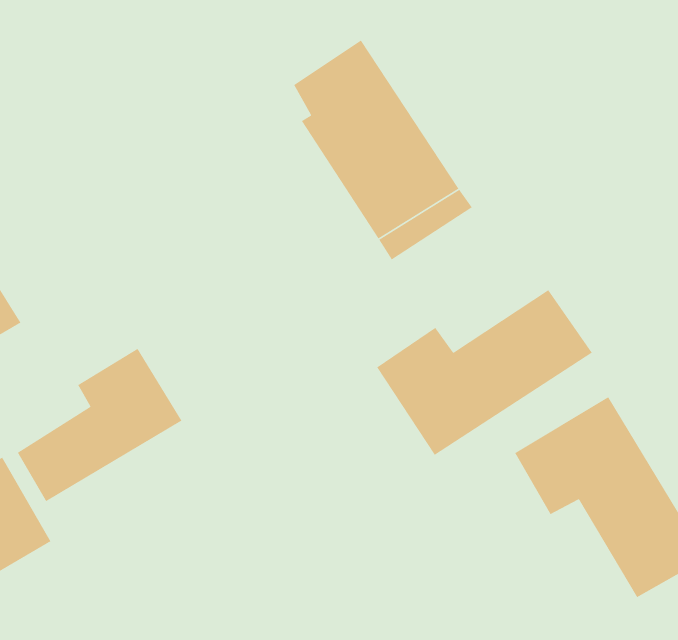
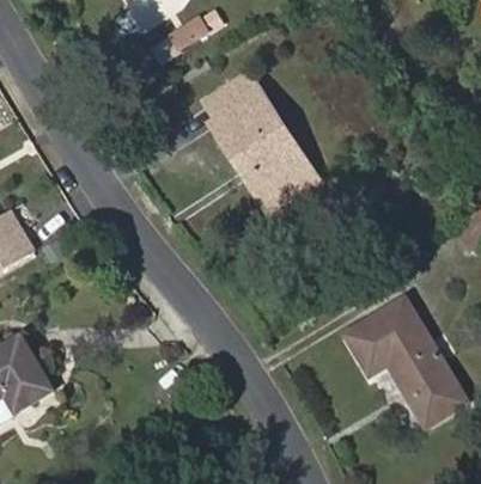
building: [376,289,593,456] -> none
building: [17,348,183,502] -> none

